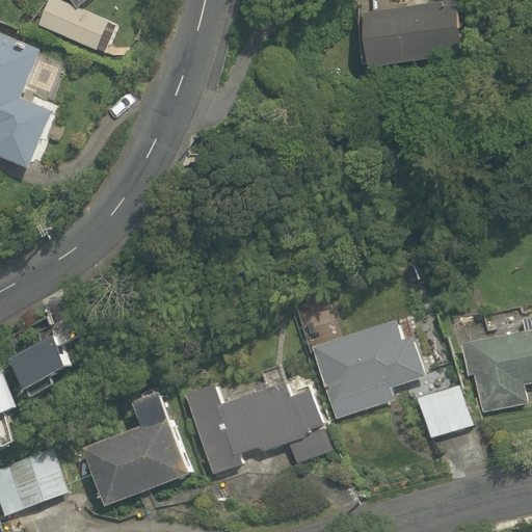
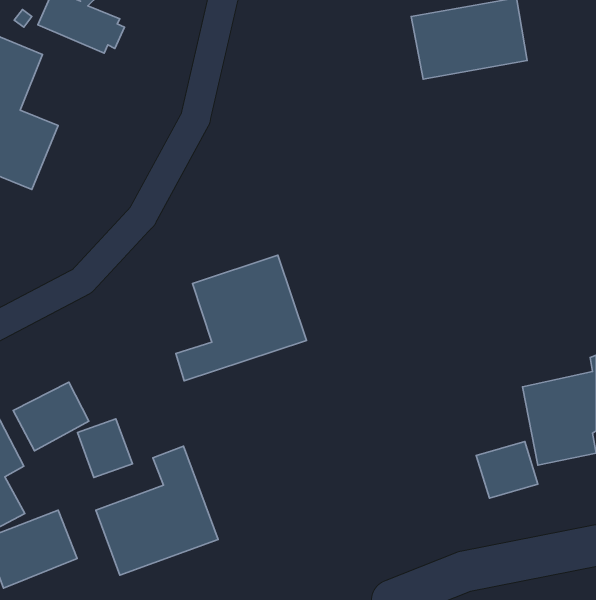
building: none -> [176,255,307,381]
building: [310,320,424,419] -> none
building: [185,352,331,472] -> none
building: none -> [77,419,132,478]

